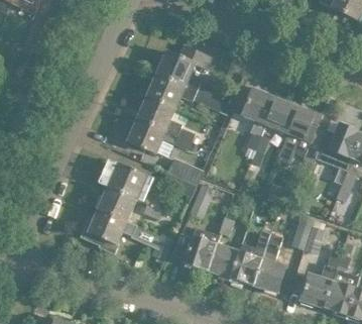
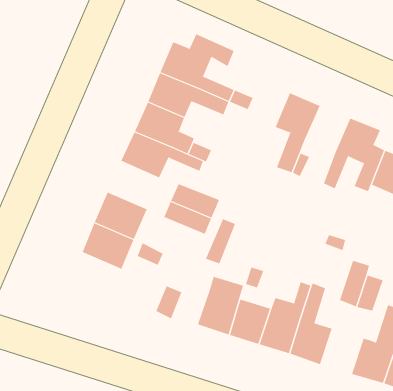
building: [265,99,298,133] -> none
building: [81,209,135,254] -> none

